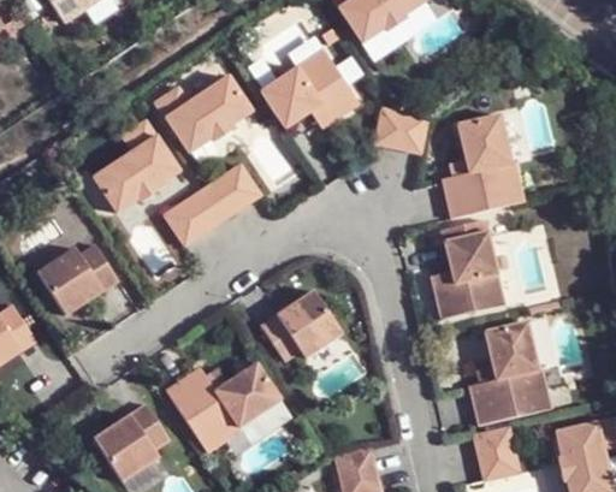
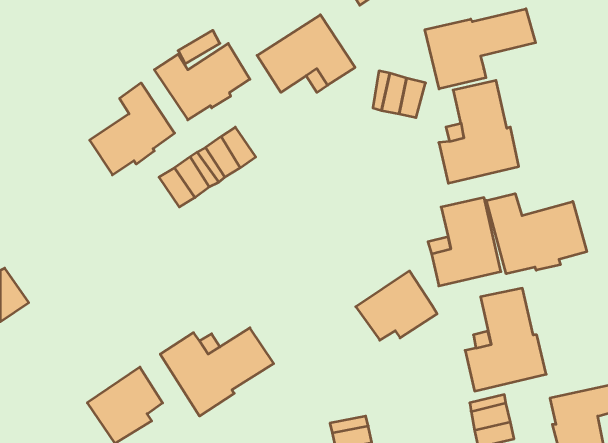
building: none -> [425,9,536,89]
building: none -> [486,194,587,274]
building: [34,242,114,312] -> none
building: [257,291,339,361] -> [356,271,437,340]

